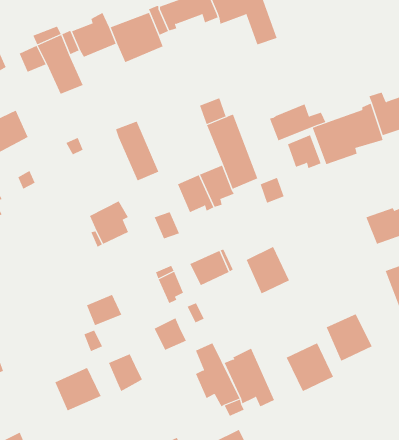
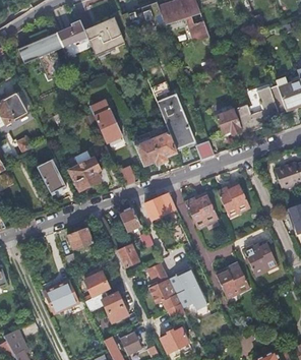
building: [269,104,326,141] -> none
building: none -> [36,160,65,192]
building: none -> [217,180,250,216]
building: none -> [85,292,127,321]

